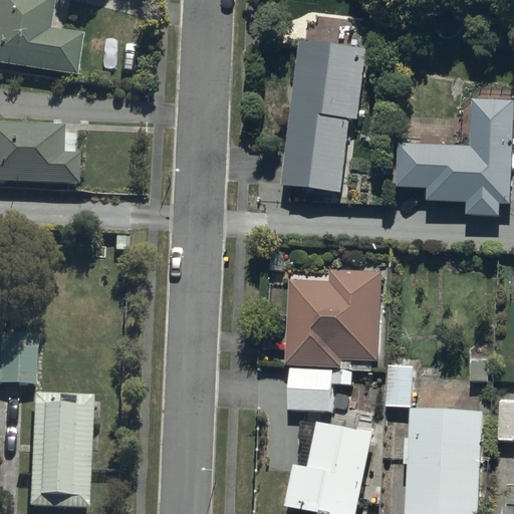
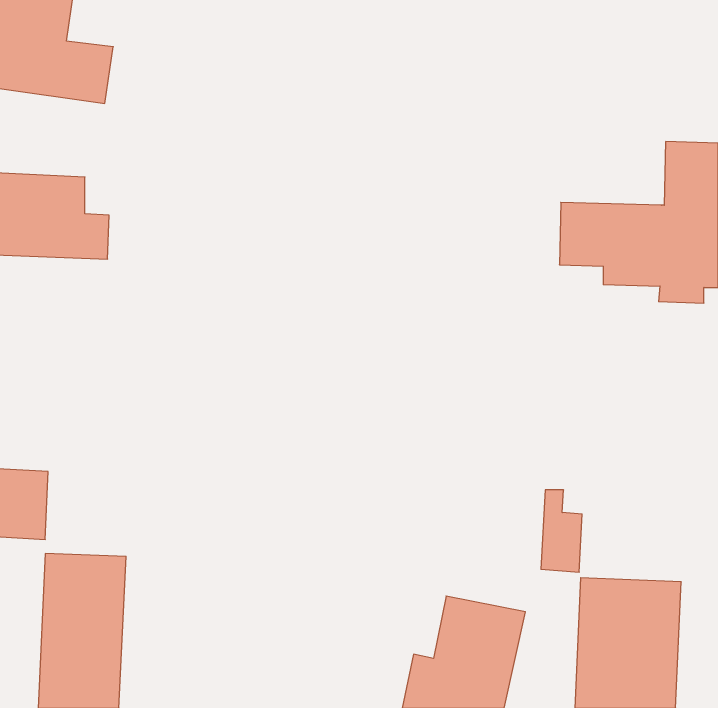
building: [281,40,365,193] -> none
building: [286,268,380,406] -> none

